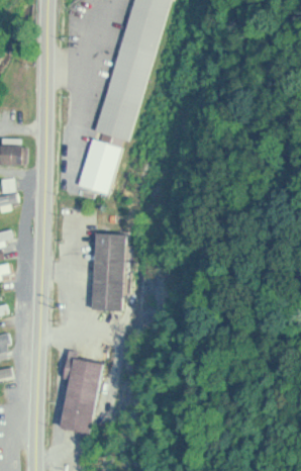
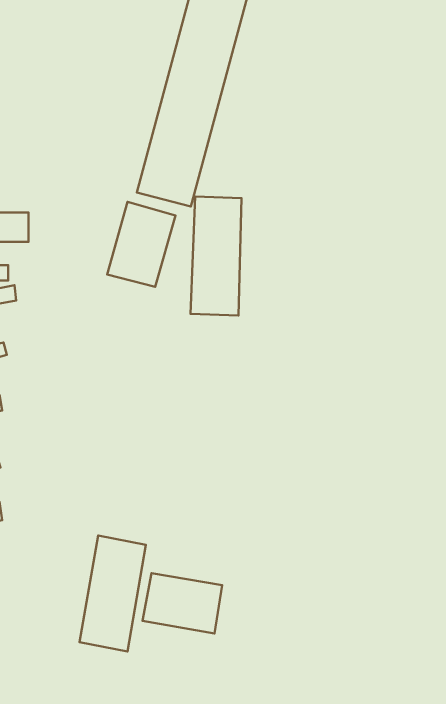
building: [91,232,124,310] -> [190,196,241,316]
building: none -> [142,573,222,633]

